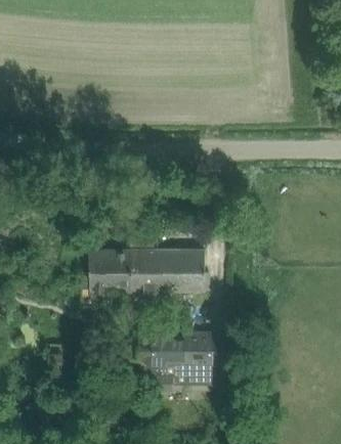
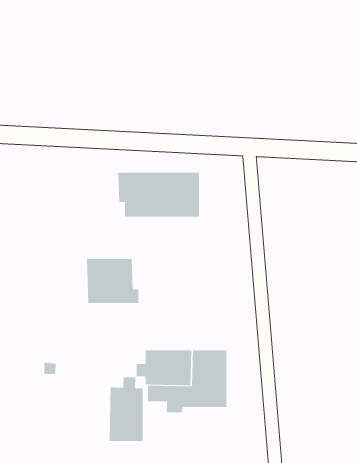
building: [130,251,205,292] -> [117,172,200,217]
building: none -> [109,377,143,442]

